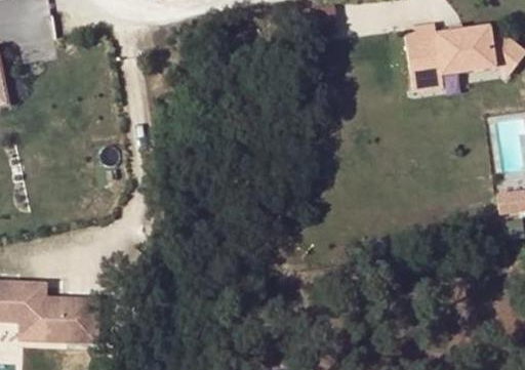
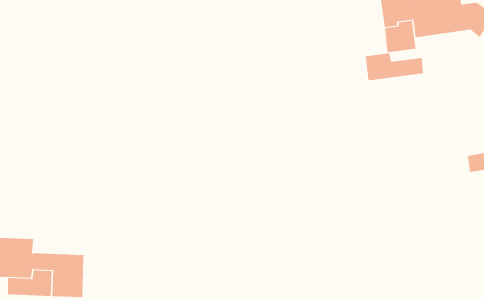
building: none -> [365,52,424,81]

